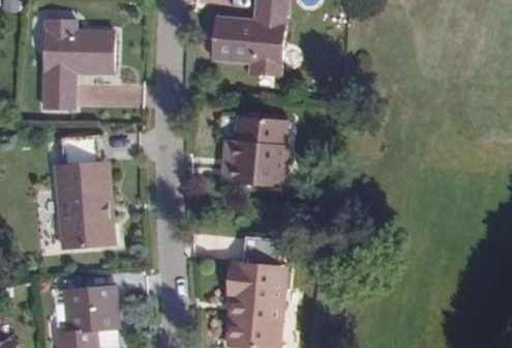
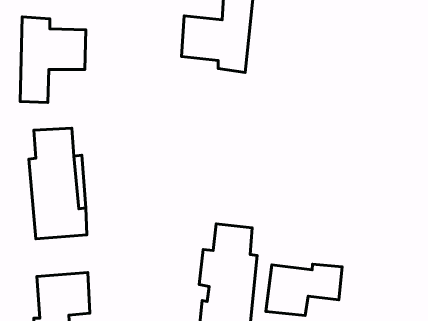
building: [222,114,289,183] -> none
building: none -> [266,264,342,315]

